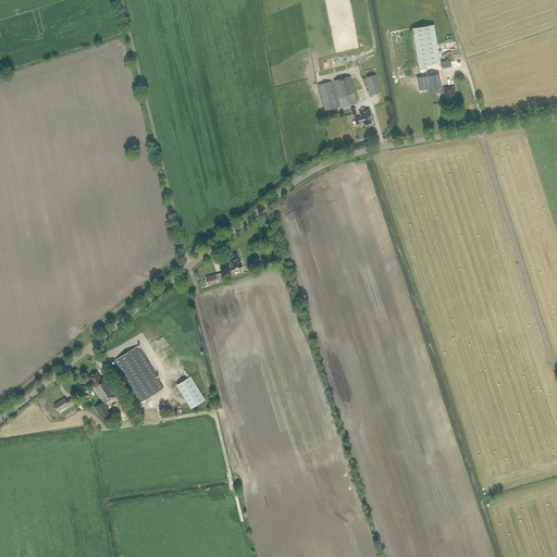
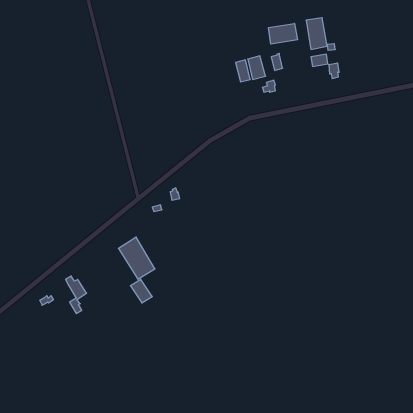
building: none -> [269,23,297,44]
building: [113,345,162,401] -> [118,237,155,279]

